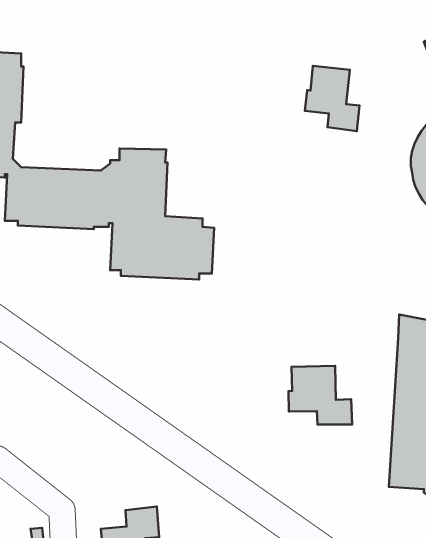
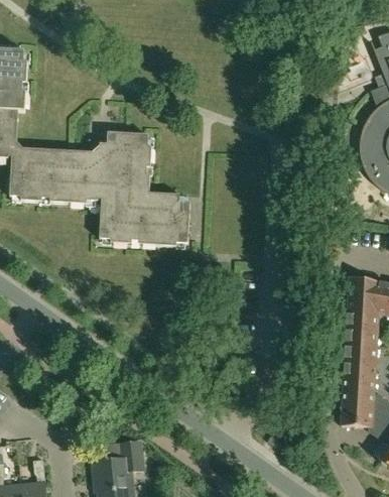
building: [305,66,359,131] -> none
building: [288,366,352,425] -> none

